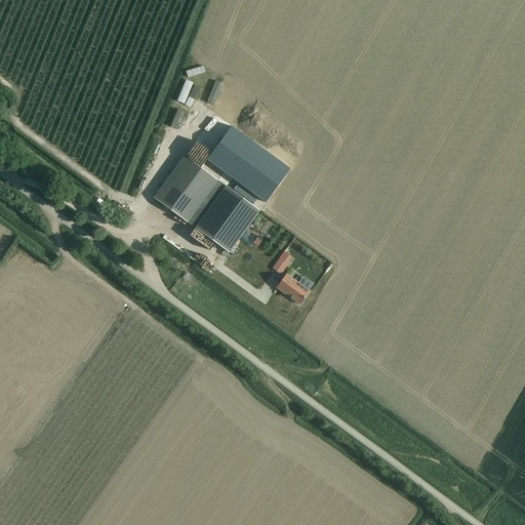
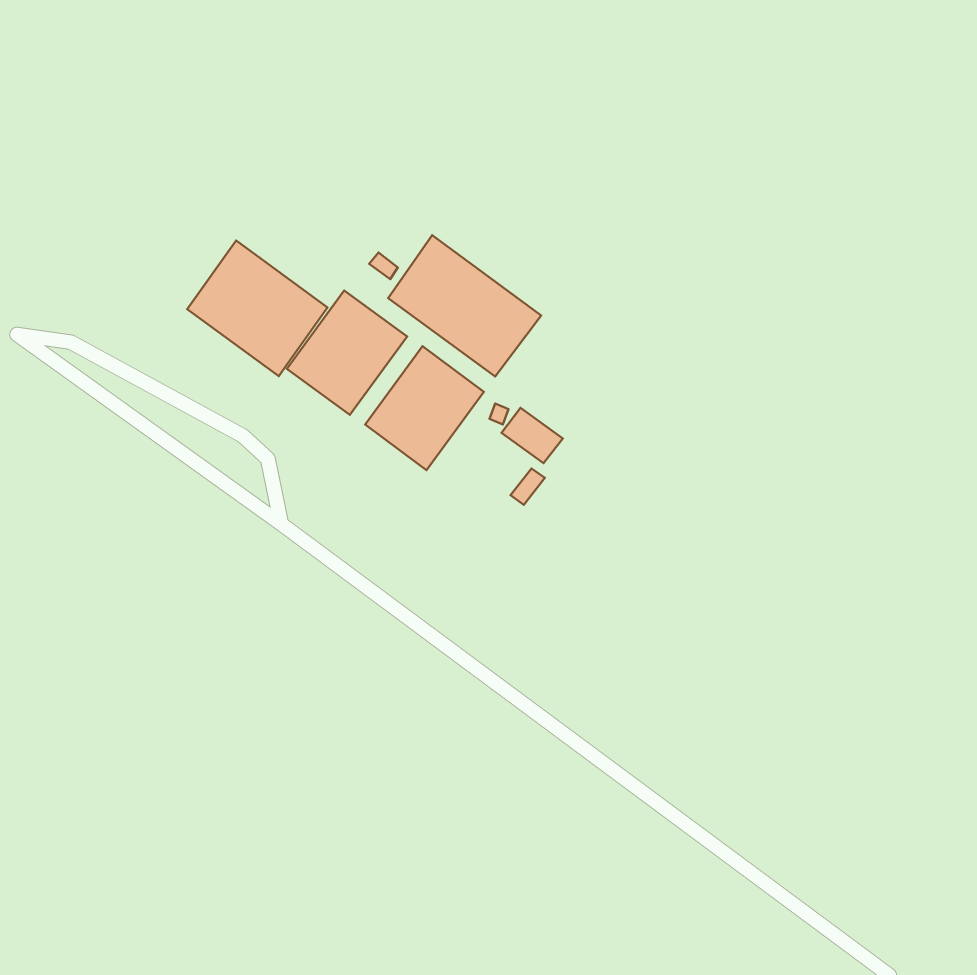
building: none -> [187,240,328,376]
building: [277,274,310,304] -> [502,408,563,463]

